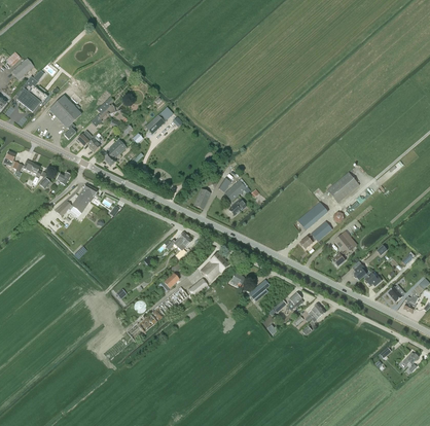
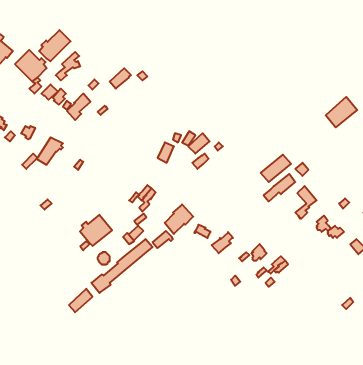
building: none -> [39,30,71,61]
building: [327,171,359,202] -> [326,97,357,127]
building: none -> [80,215,112,246]

